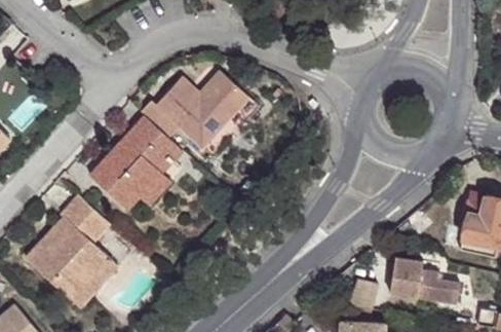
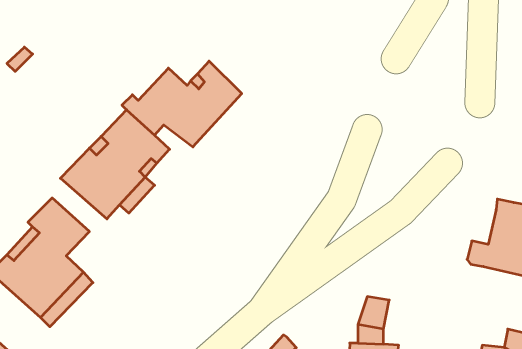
building: [389,256,460,304] -> none

